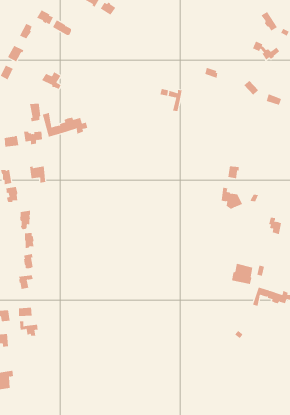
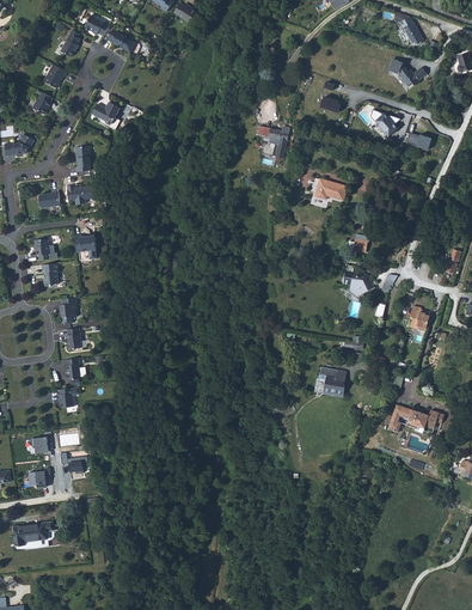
building: [42,112,88,137] -> none
building: none -> [309,178,347,208]
building: [231,263,253,285] -> [314,366,345,396]

